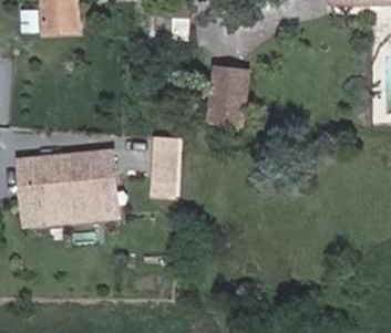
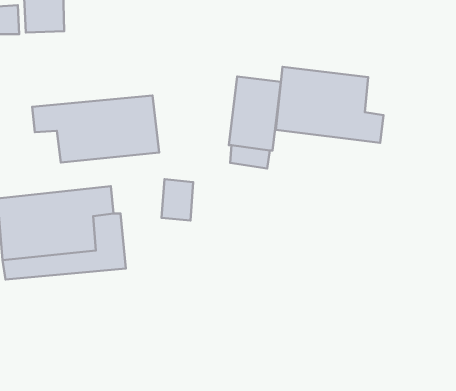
building: none -> [276,67,384,143]
building: none -> [32,95,159,162]

